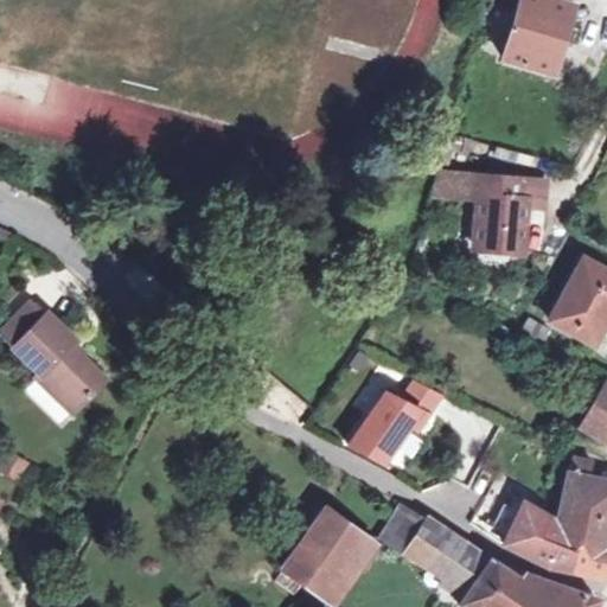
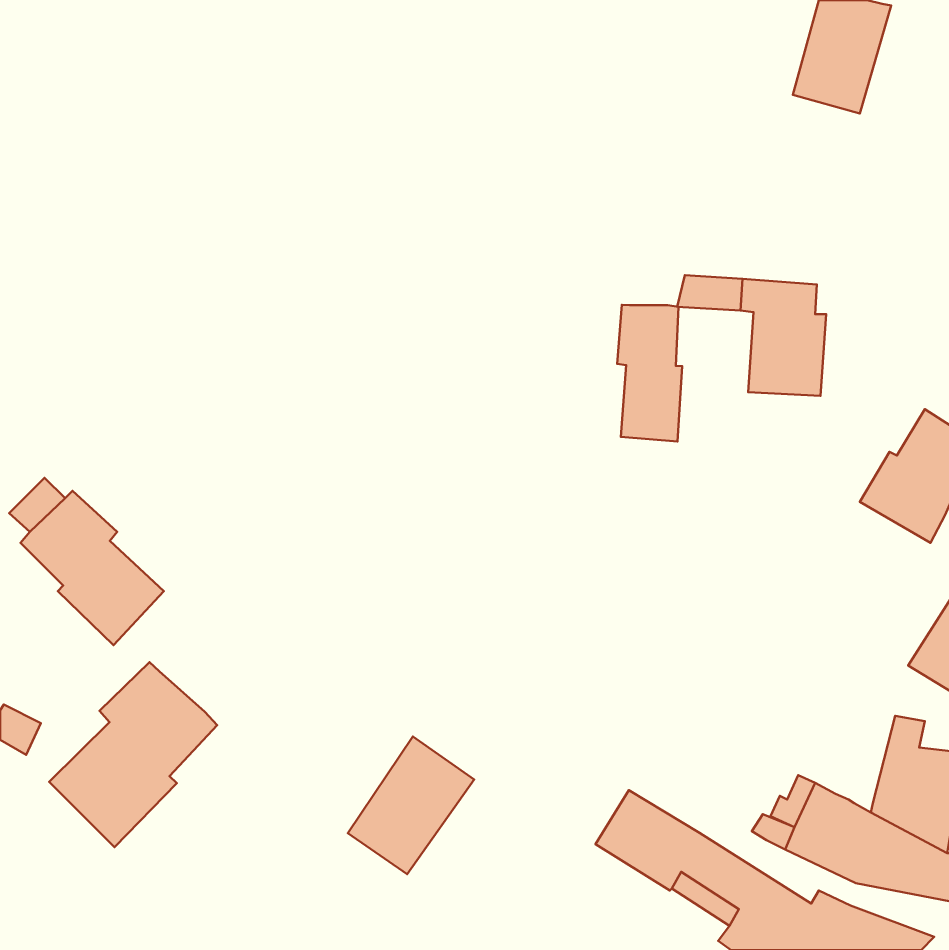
building: none -> [617,305,682,442]
building: [349,379,441,462] -> none
building: none -> [49,662,217,847]
building: [285,507,365,595] -> [348,737,474,874]

